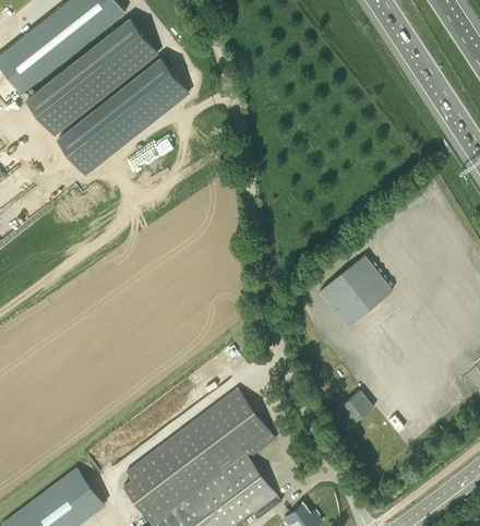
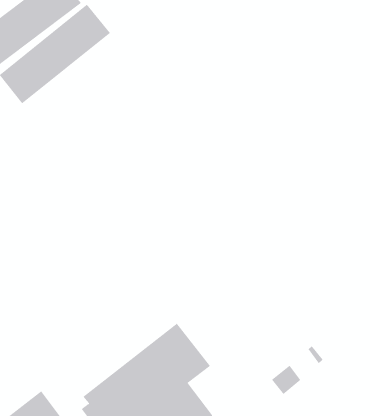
building: [55,62,185,175] -> none
building: [317,256,392,330] -> none
building: [337,388,372,423] -> [271,365,301,395]

